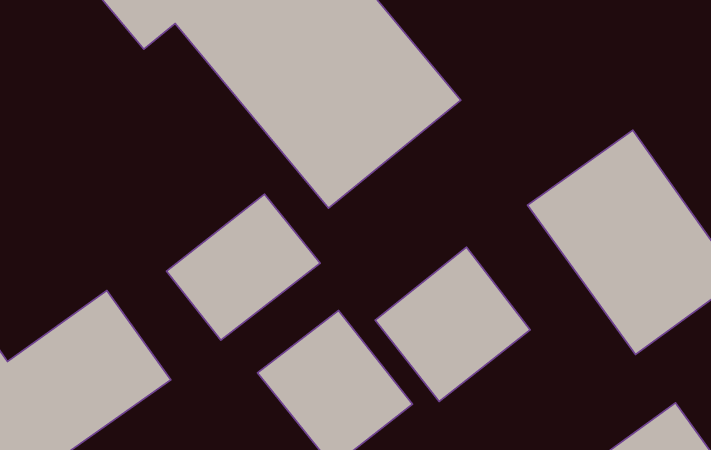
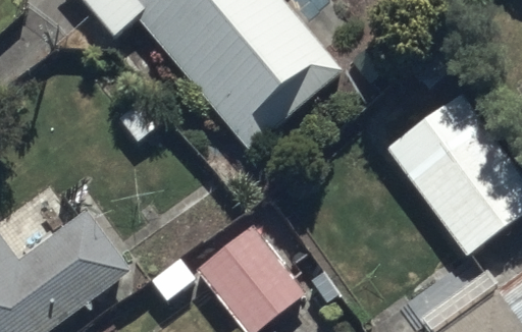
building: [167,194,320,340] -> none
building: [375,247,530,402] -> none

